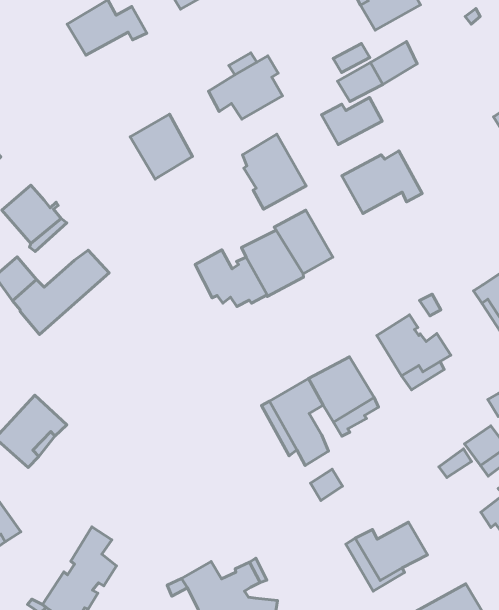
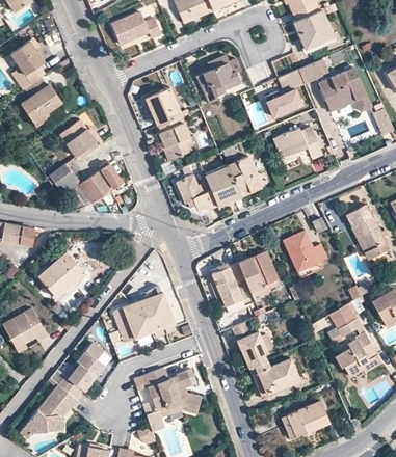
building: none -> [318,68,371,111]
building: [242,134,306,209] -> [159,114,196,160]
building: none -> [113,286,174,341]
building: none -> [238,330,267,367]

